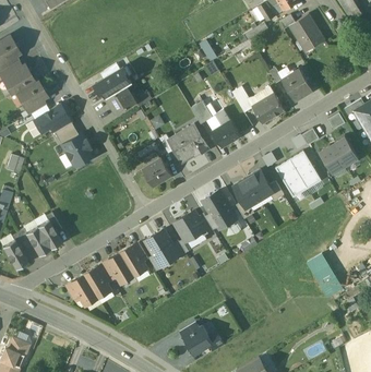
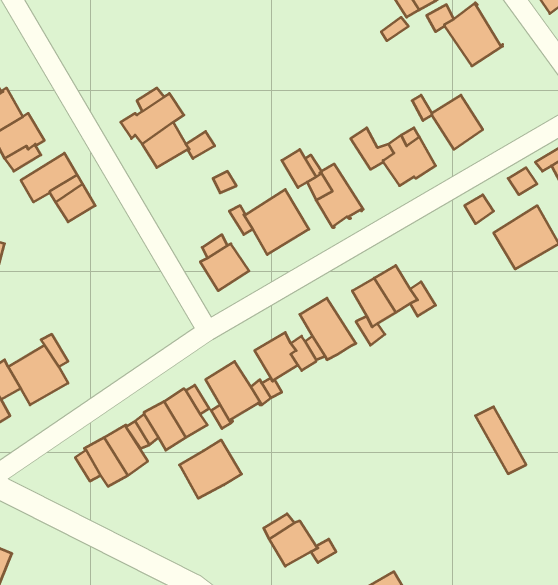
building: [62,134,93,167] -> none
building: [274,149,321,196] -> none
building: none -> [179,440,242,498]

